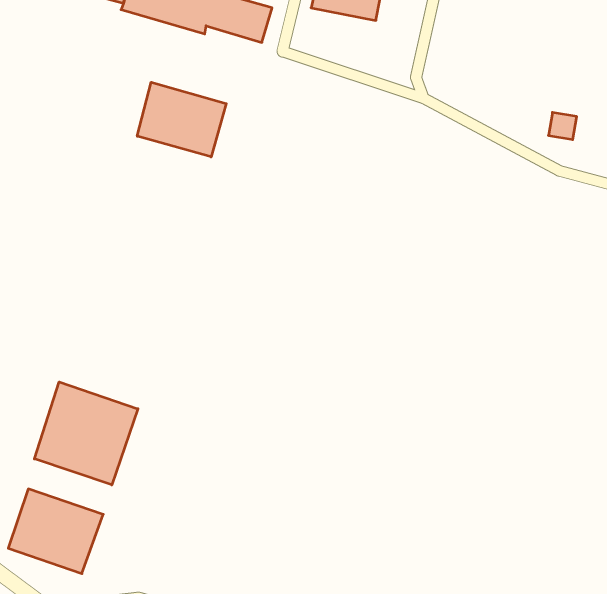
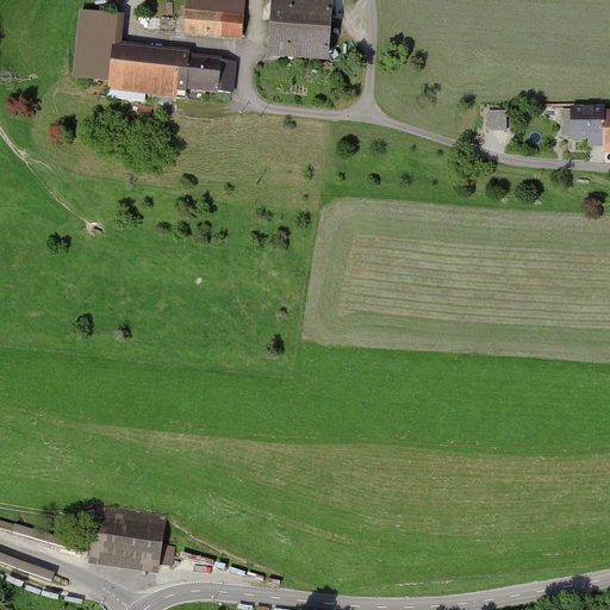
building: [137,82,226,157] -> none
building: [34,382,138,485] -> none

